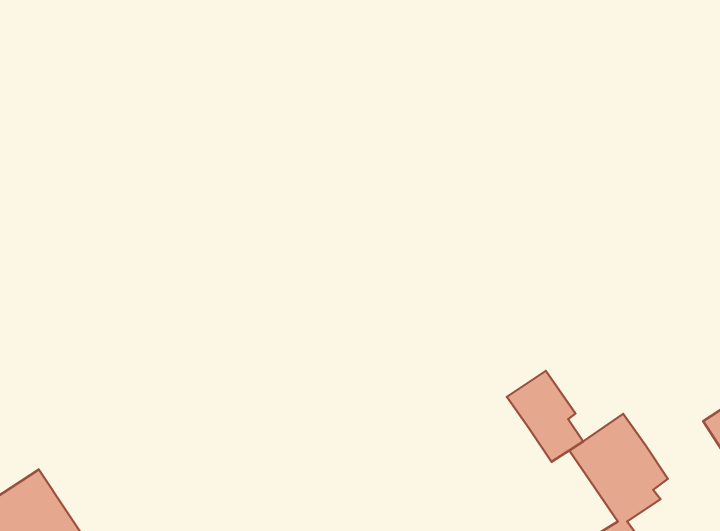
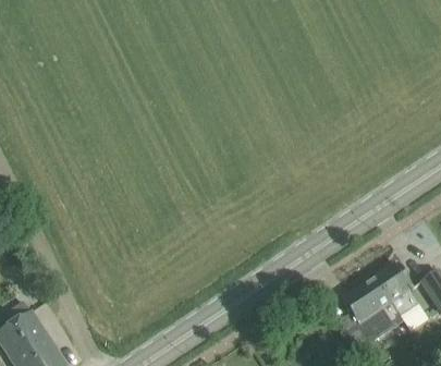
building: [507,371,583,462] -> [373,261,418,315]

